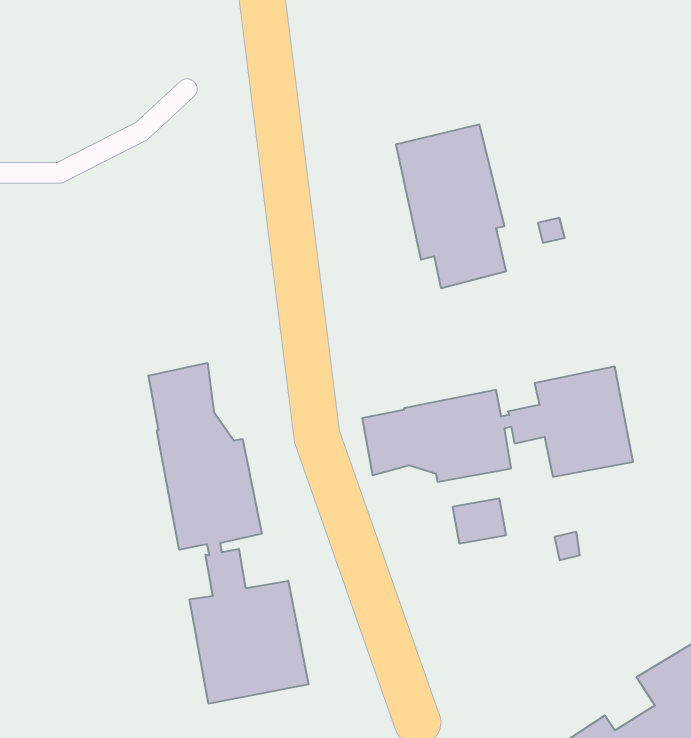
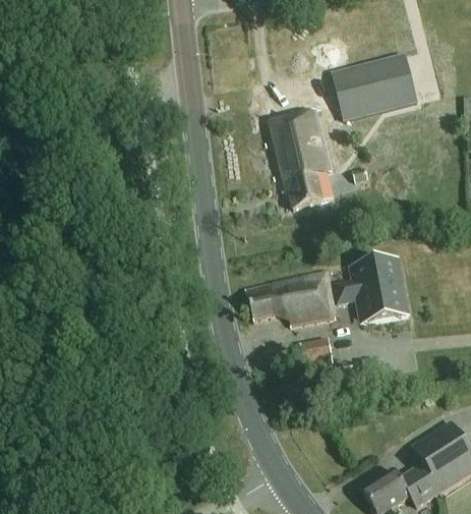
building: none -> [333,53,418,120]
building: [148,363,309,704] -> none

